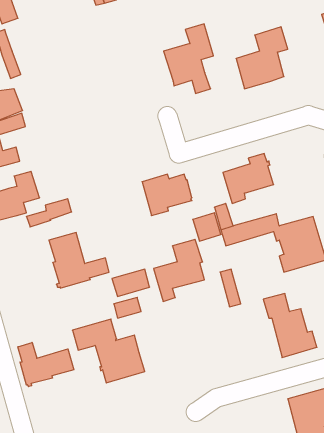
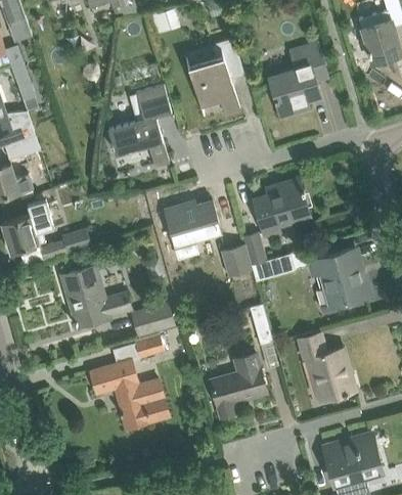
building: none -> [108,86,171,169]
building: [154,239,204,301] -> [211,350,266,417]
building: [18,342,74,387] -> none

